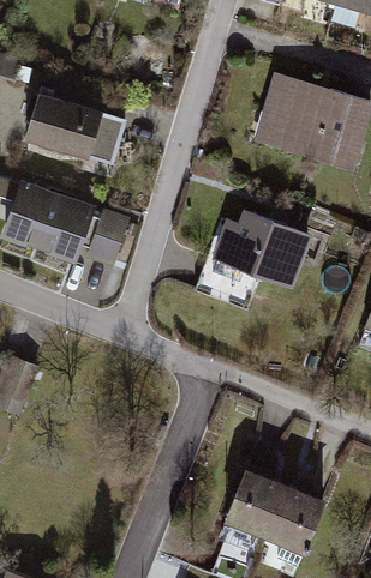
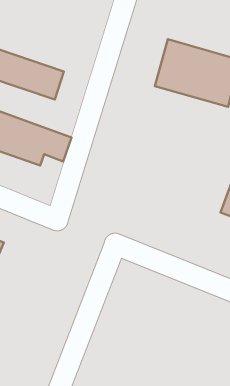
building: [210,207,317,293] -> none
building: [215,460,316,547] -> none

